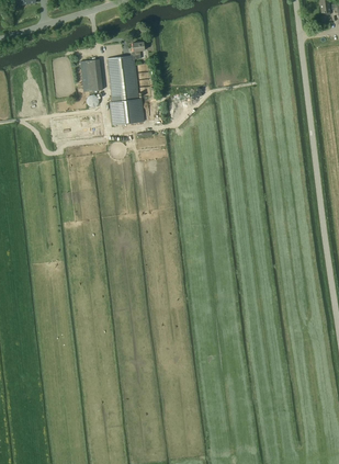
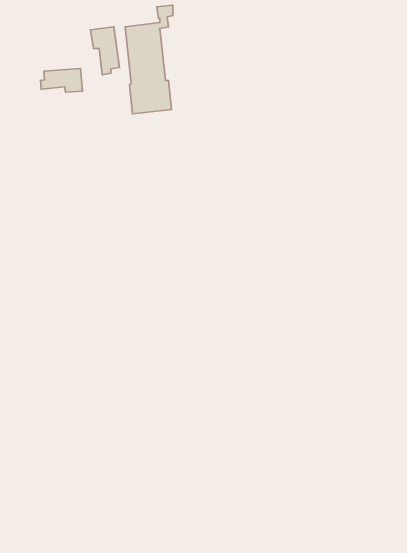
building: none -> [41,68,83,92]

